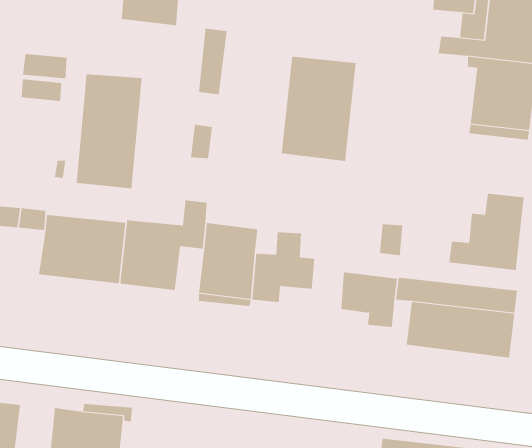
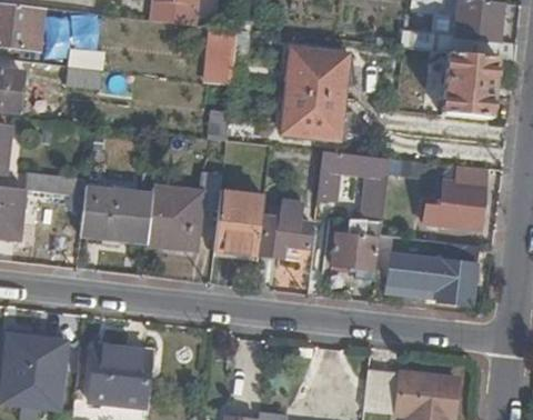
building: [76,73,142,189] -> none
building: none -> [318,151,383,200]

